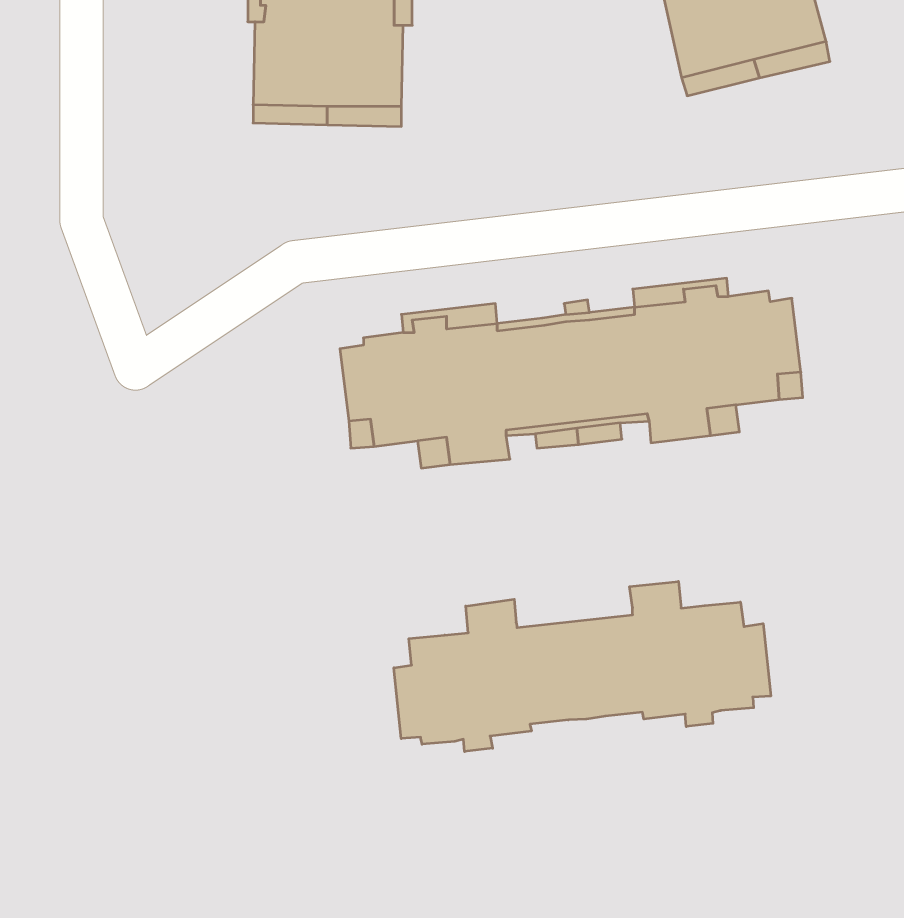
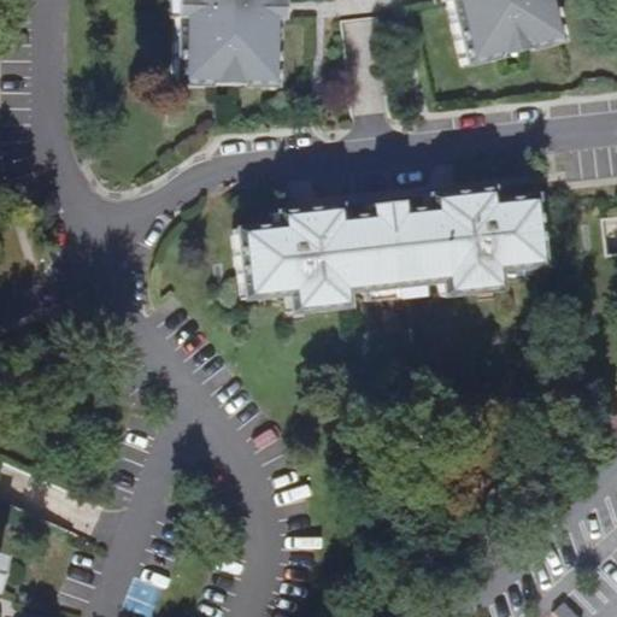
building: [394,581,771,752] -> none

